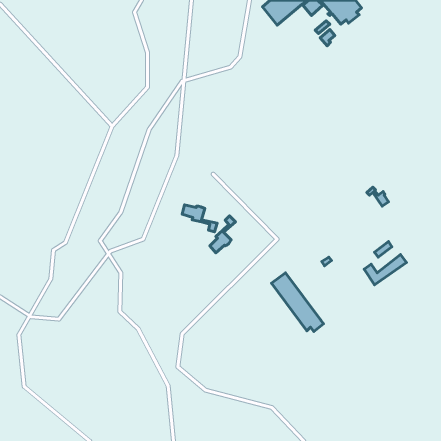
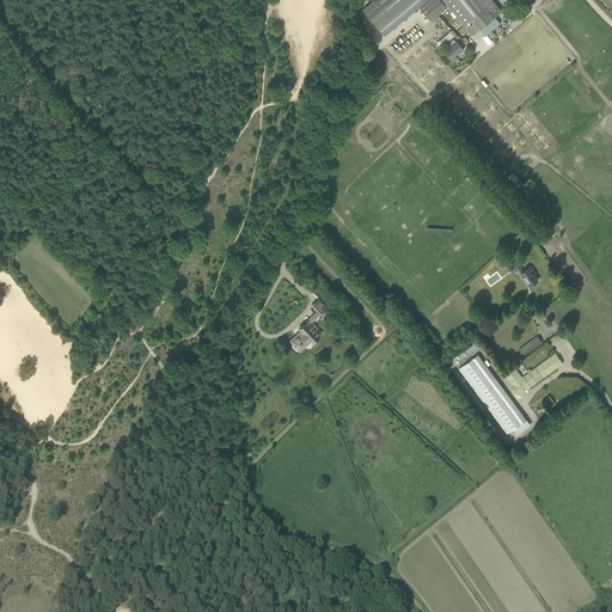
building: [182,205,217,232] -> none
building: [272,273,323,332] -> [459,354,531,435]

